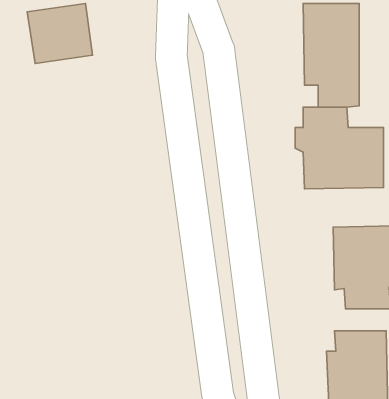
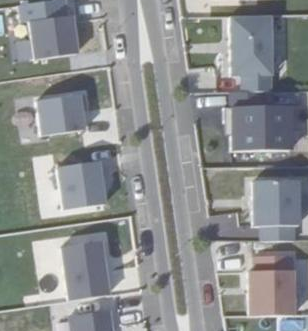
building: none -> [37,92,88,134]
building: none -> [59,159,107,209]
building: none -> [63,240,110,297]

